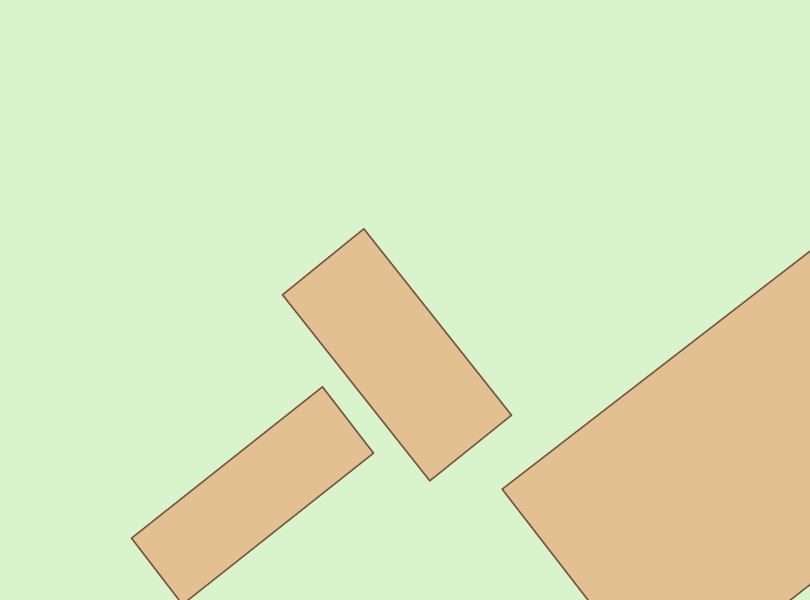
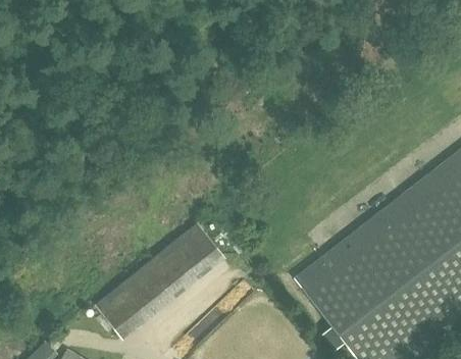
building: [282,229,511,481] -> none

